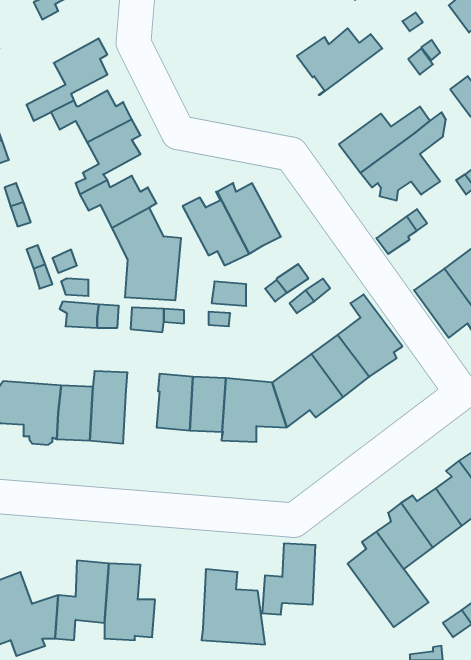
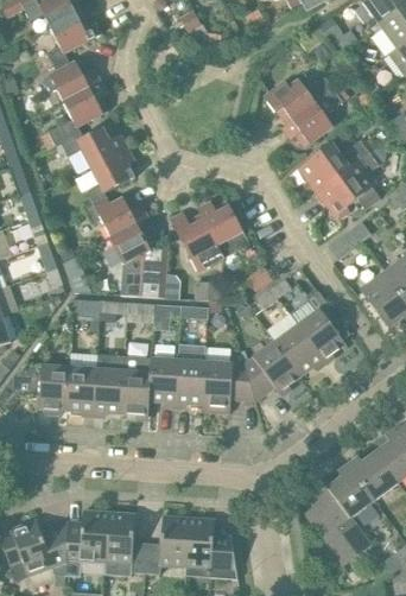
building: none -> [43,59,100,102]
building: none -> [281,90,342,147]
building: none -> [120,356,150,416]
building: [262,544,316,615] -> [144,516,188,575]

